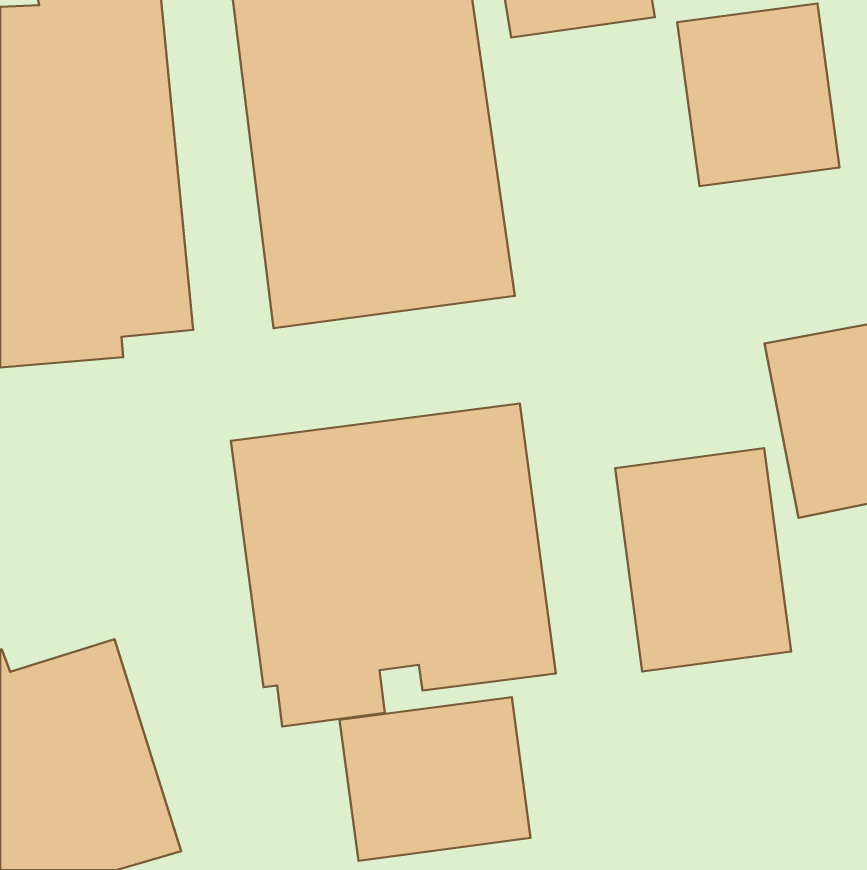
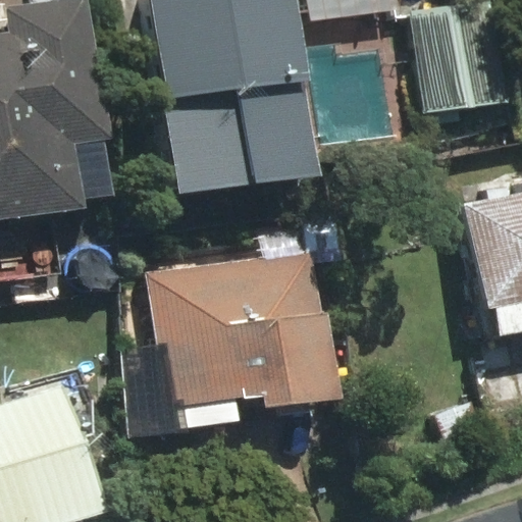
building: [615,448,791,671] -> none
building: [339,697,531,861] -> none

